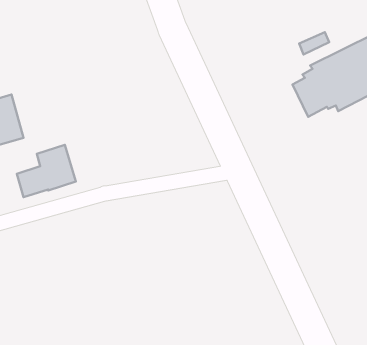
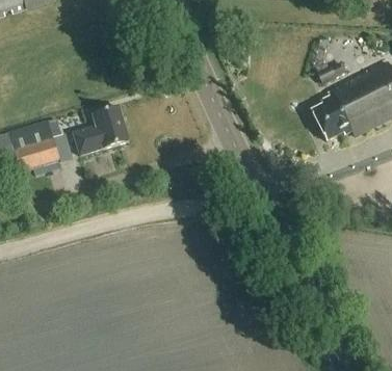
building: [17,145,76,197] -> [74,106,129,155]

